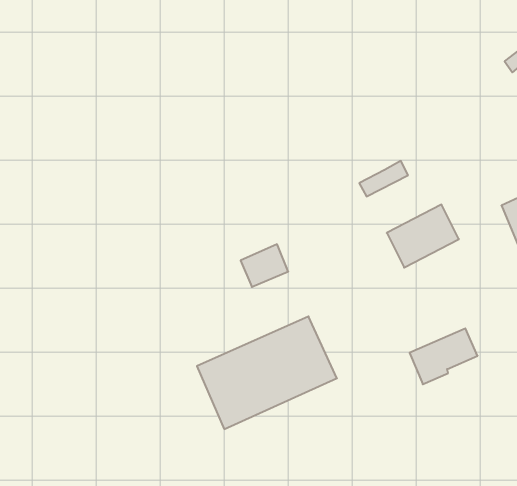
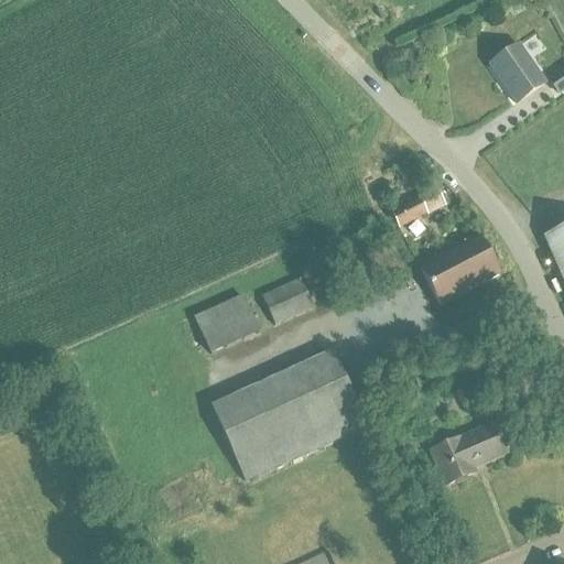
building: none -> [490,42,545,100]
building: none -> [194,291,260,350]
building: [410,328,478,384] -> [432,422,506,482]

